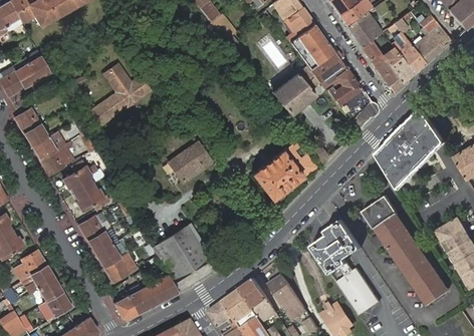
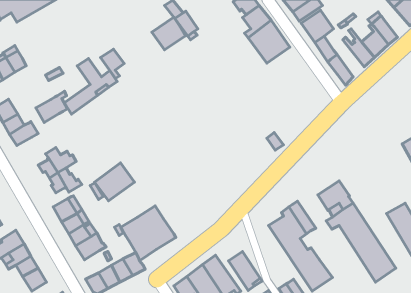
building: none -> [152,17,185,50]
building: [382,47,415,84] -> none
building: [309,52,375,129] -> none
building: none -> [101,49,124,79]
building: [272,72,315,115] -> none
building: [379,109,446,189] -> none
building: [39,140,73,175] -> [36,91,67,123]
building: [252,140,316,200] -> none
building: [169,141,212,183] -> [94,163,134,201]

